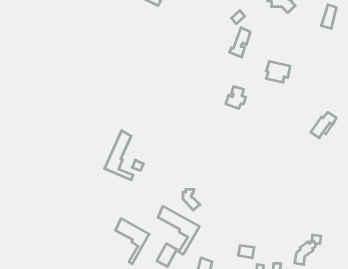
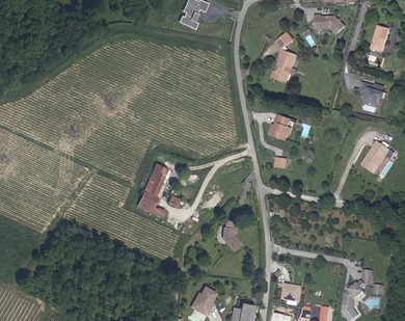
building: [266,61,290,82] -> [359,81,385,104]
building: [158,206,199,254] -> none
building: [116,219,149,264] -> none

